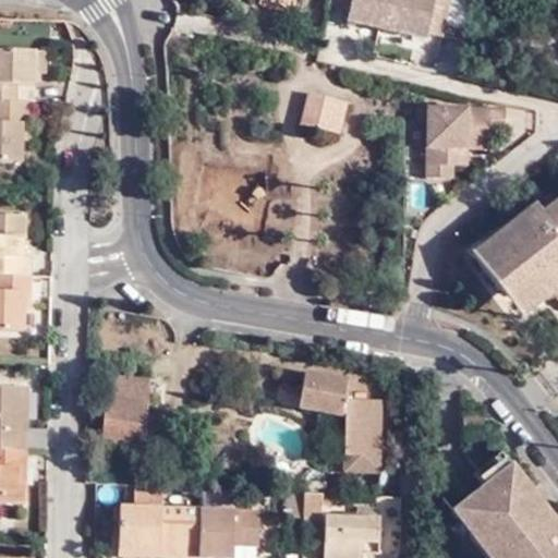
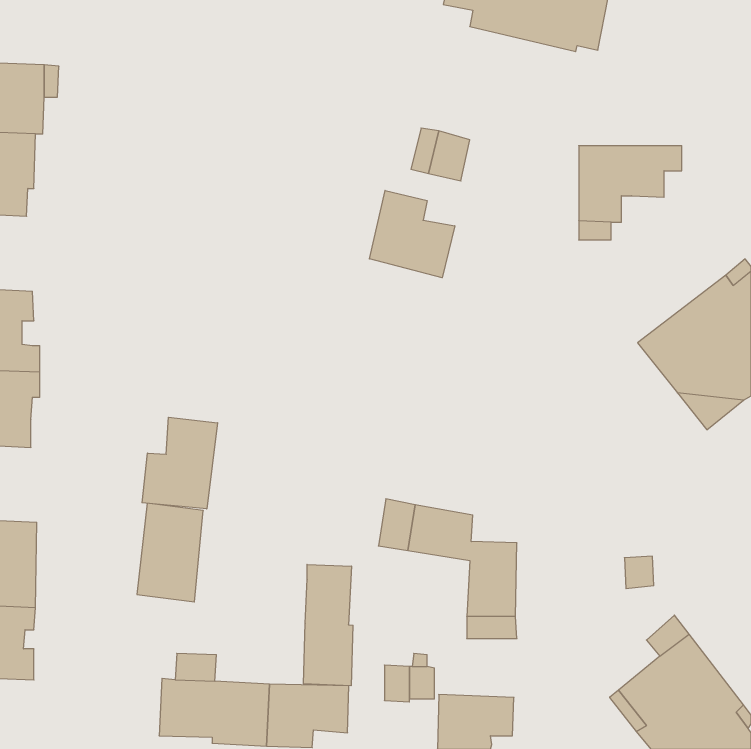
building: none -> [369,190,455,278]
building: none -> [142,417,218,509]
building: none -> [303,564,353,686]

